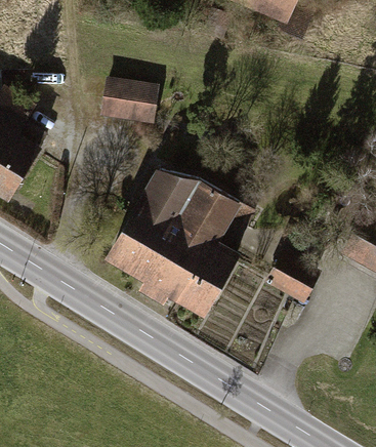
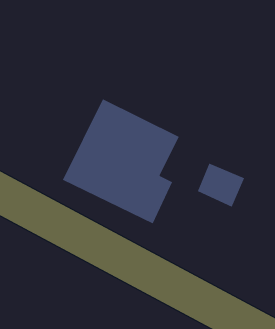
building: [98,75,157,122] -> none

